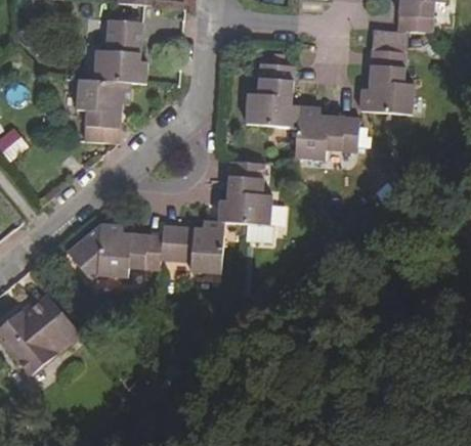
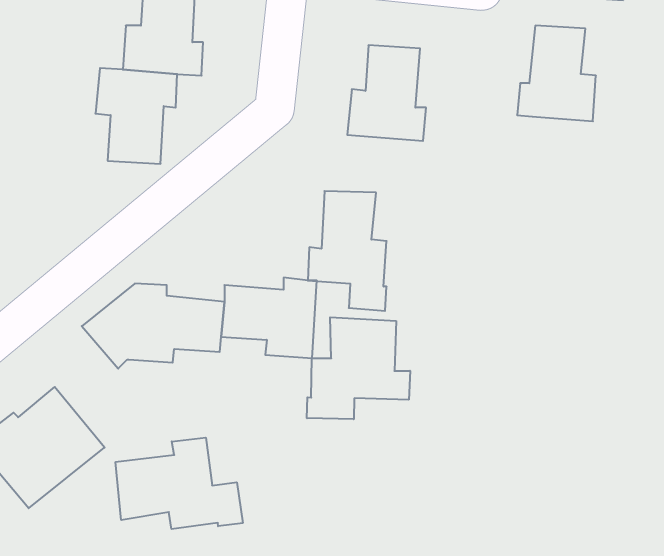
building: [294,104,359,159] -> none
building: none -> [307,317,410,419]
building: none -> [116,438,243,529]

